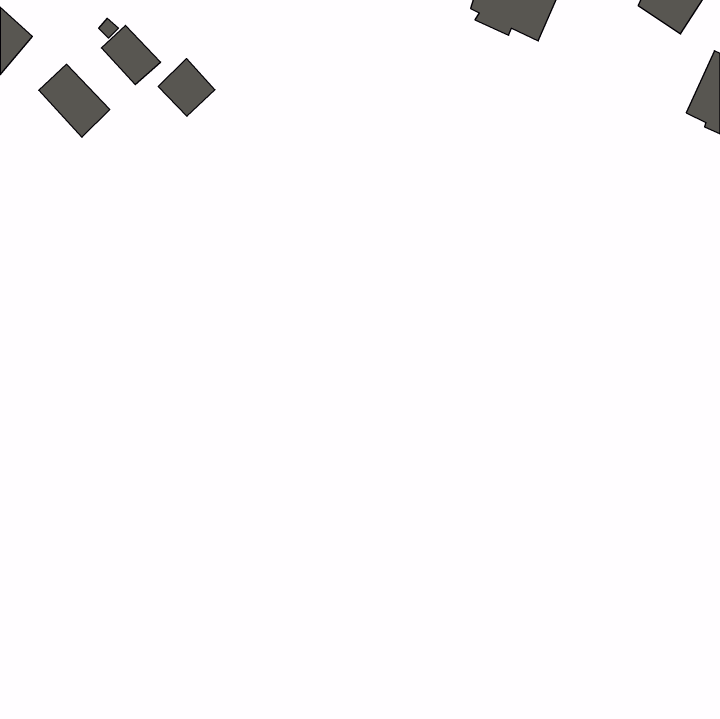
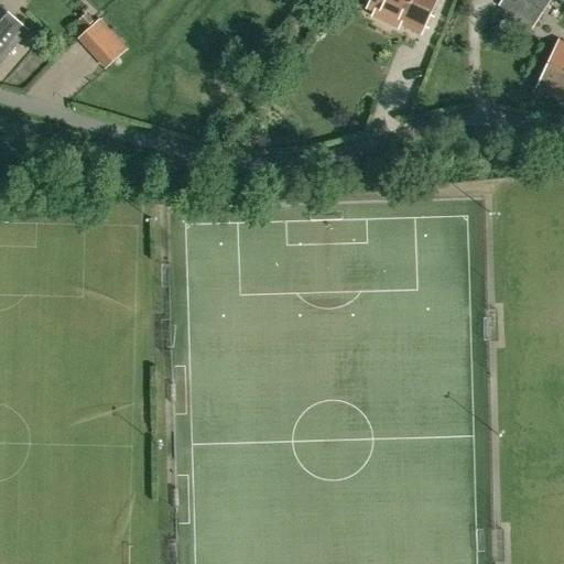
building: [158,59,215,116] -> none
building: [39,64,110,137] -> none

